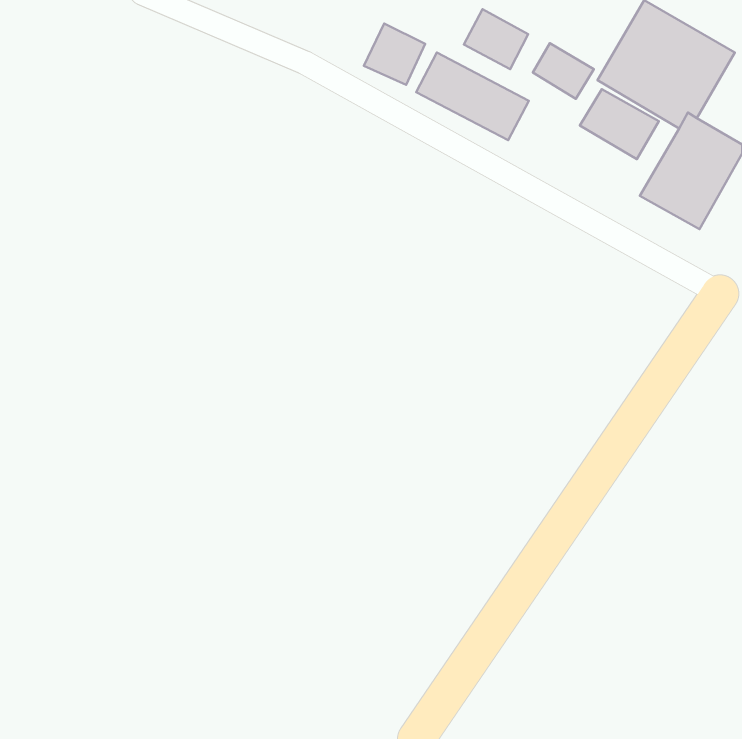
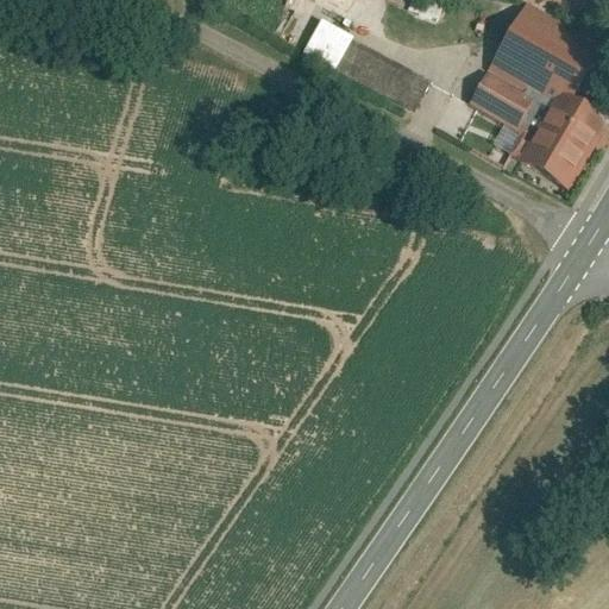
building: [464,9,528,69] -> none
building: [533,43,594,99] -> none

